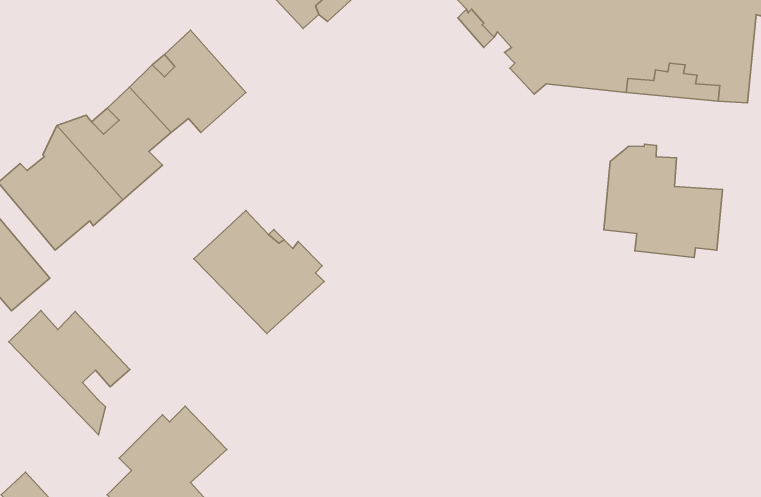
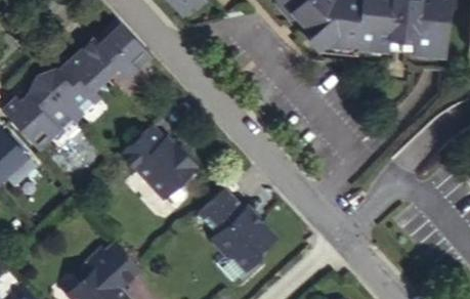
building: [604,144,722,258] -> none
building: [9,310,130,435] -> none
building: none -> [200,187,275,270]

